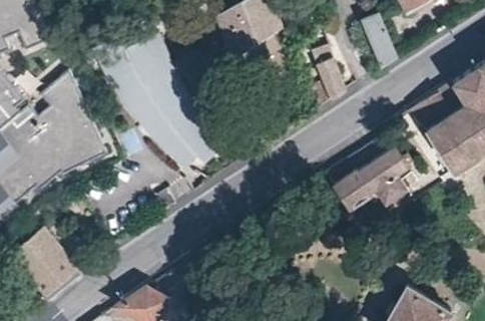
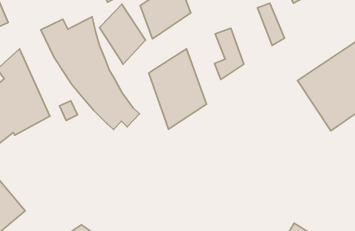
building: none -> [100,4,146,64]
building: none -> [149,49,206,129]
building: [333,150,412,213] -> none

